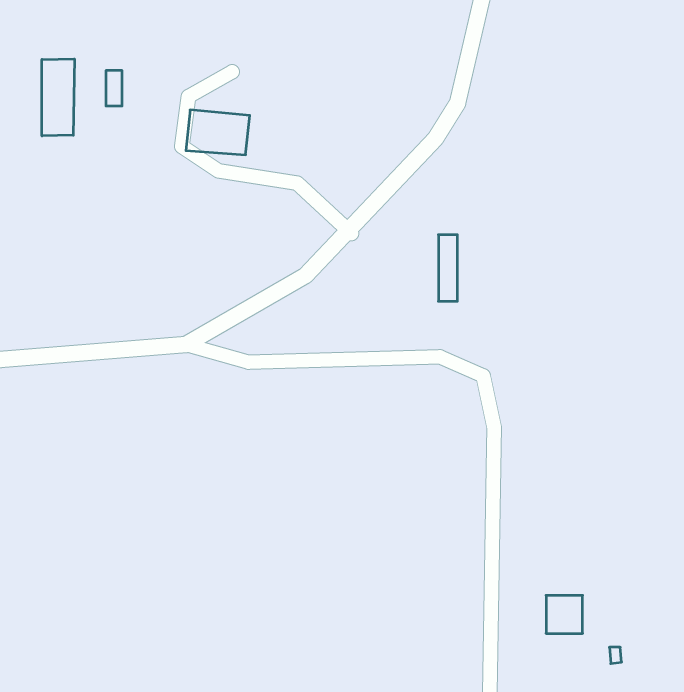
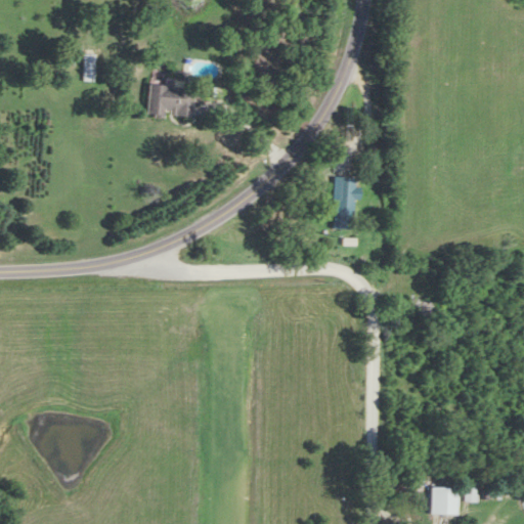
building: [42,59,74,136] -> none
building: [546,595,583,633] -> [429,485,456,514]

